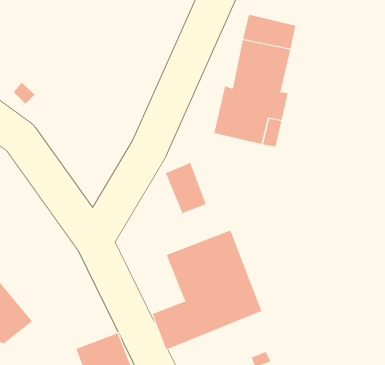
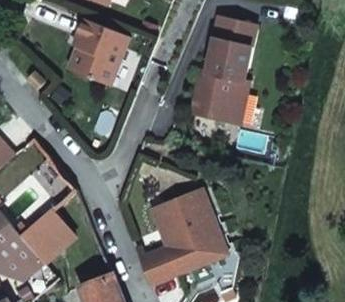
building: none -> [66,19,129,87]
building: [165,162,206,214] -> none
building: none -> [24,210,75,263]

